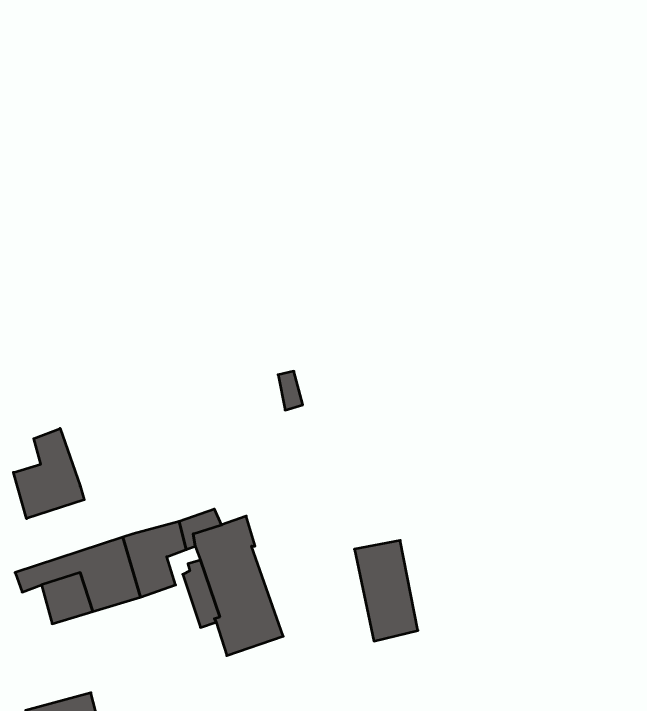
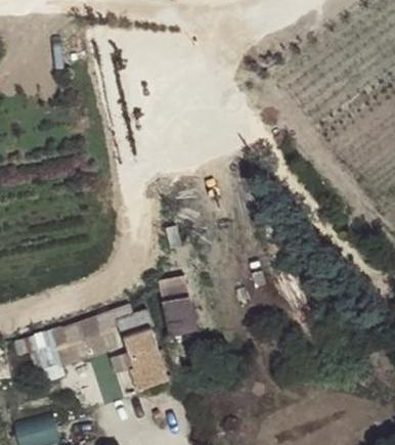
building: [13,428,84,519] -> none
building: [354,540,418,641] -> [159,277,195,336]

